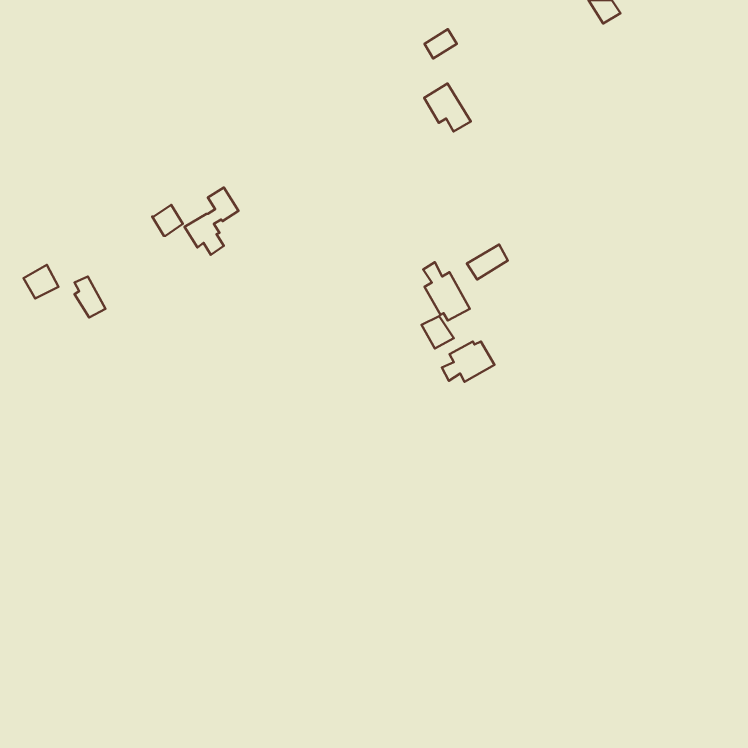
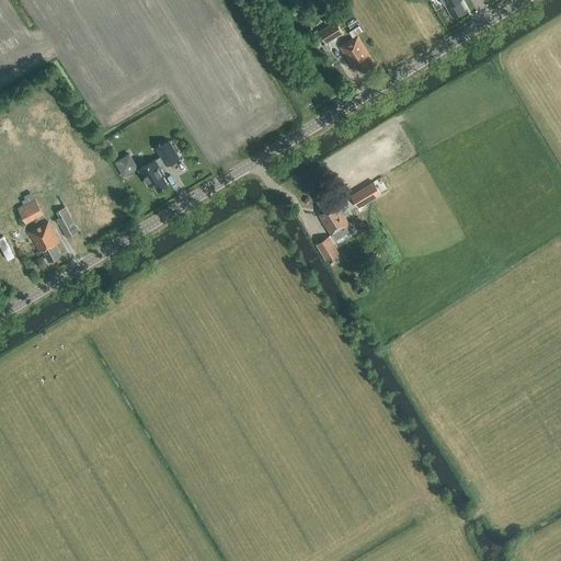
building: [424,83,471,132] -> [340,36,375,72]
building: none -> [28,221,60,262]
building: [442,341,495,382] -> none

